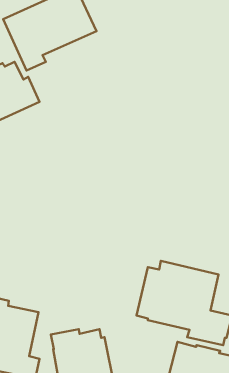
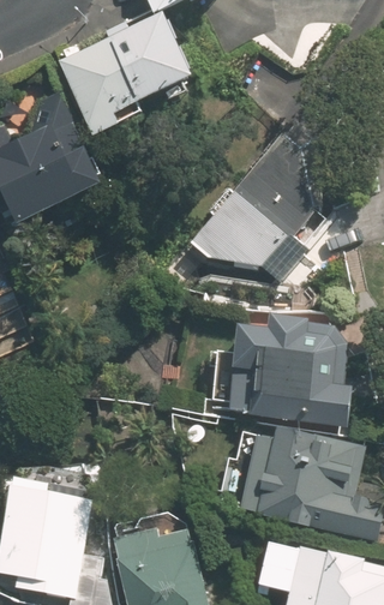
building: none -> [193,132,311,263]
building: none -> [232,313,352,423]

